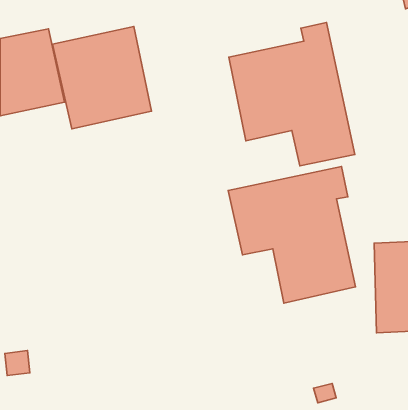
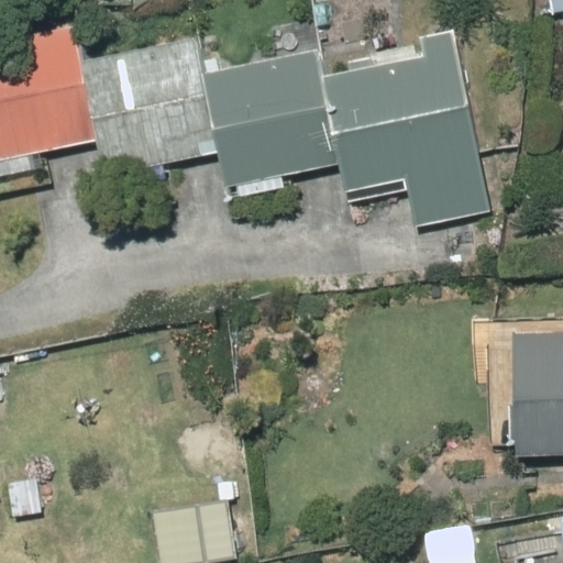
building: none -> [197,49,333,186]
building: [228,167,355,303] -> none

